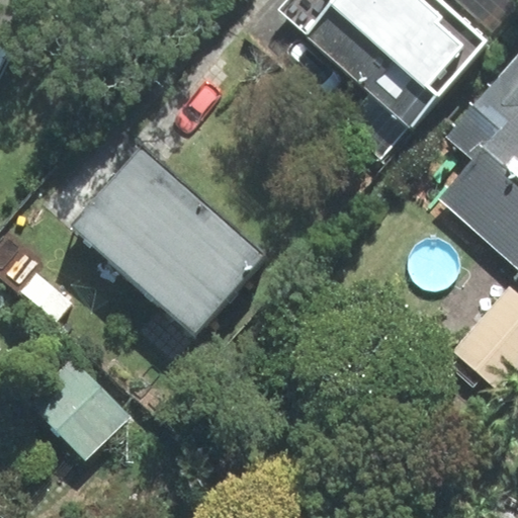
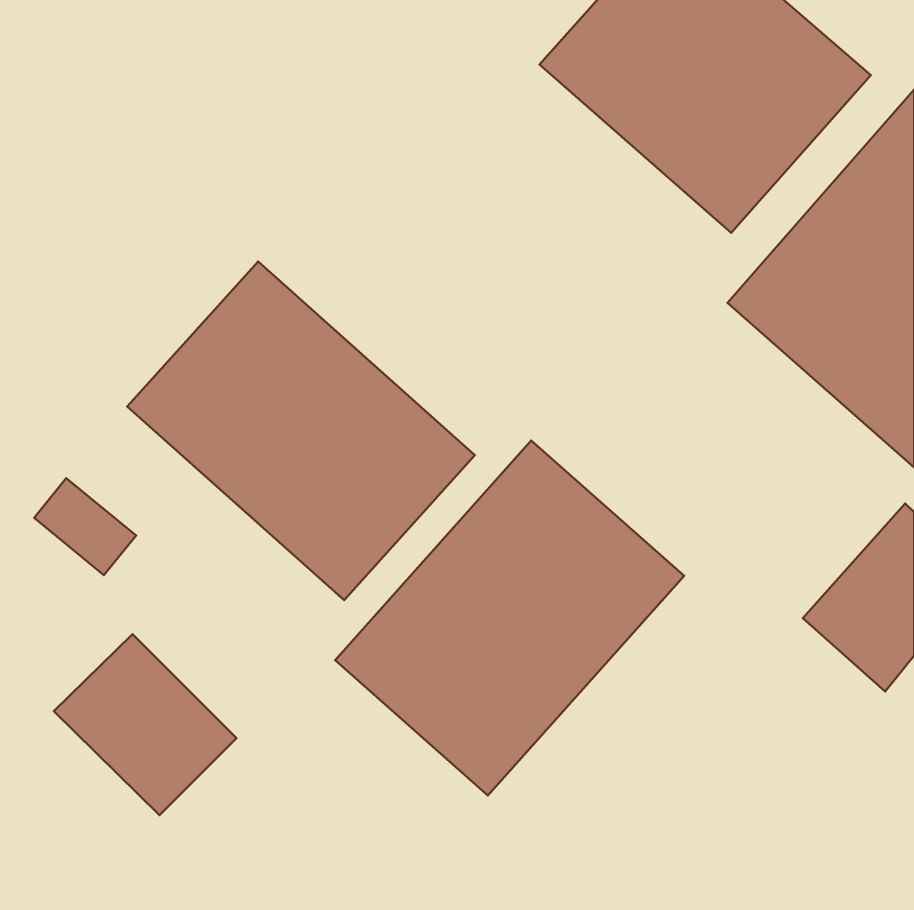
building: none -> [335,441,684,795]

